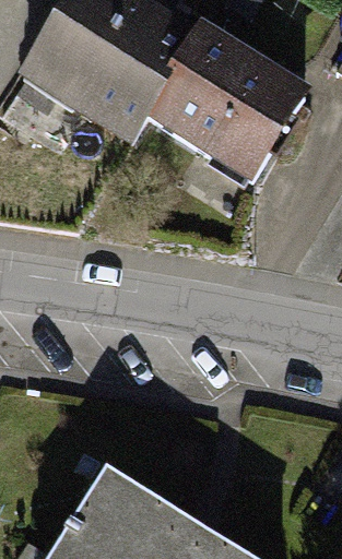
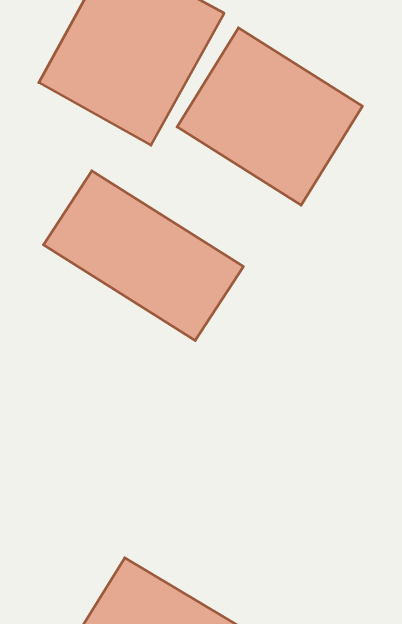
building: none -> [43,171,243,341]

